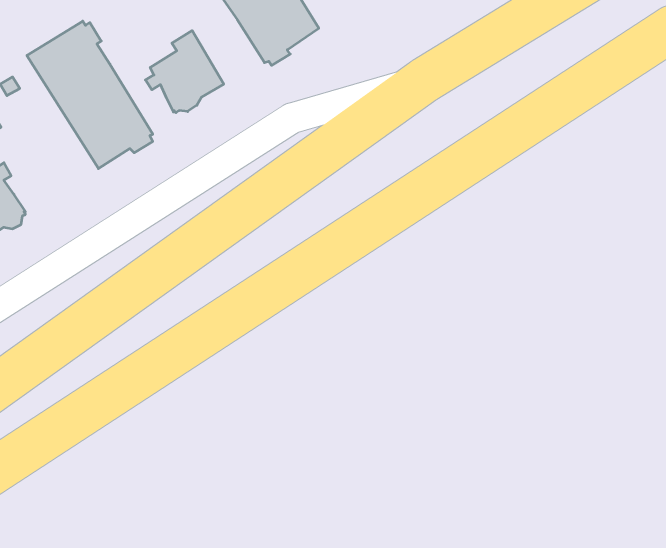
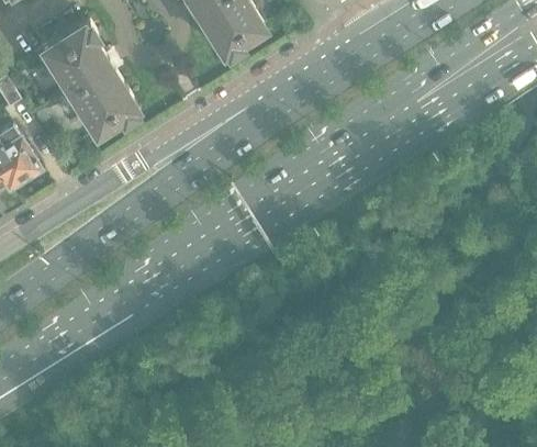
building: [145,31,224,113] -> none

